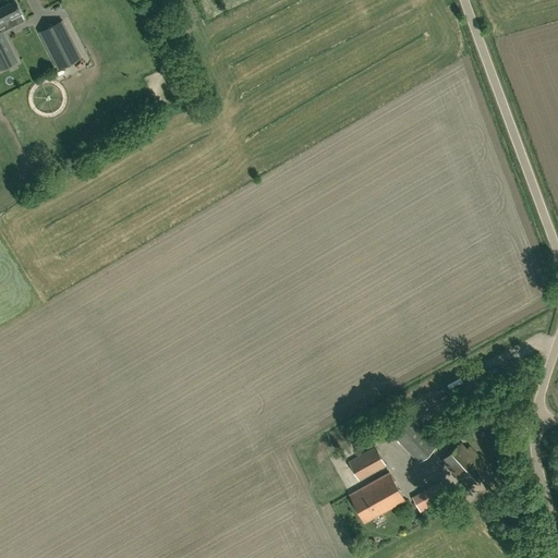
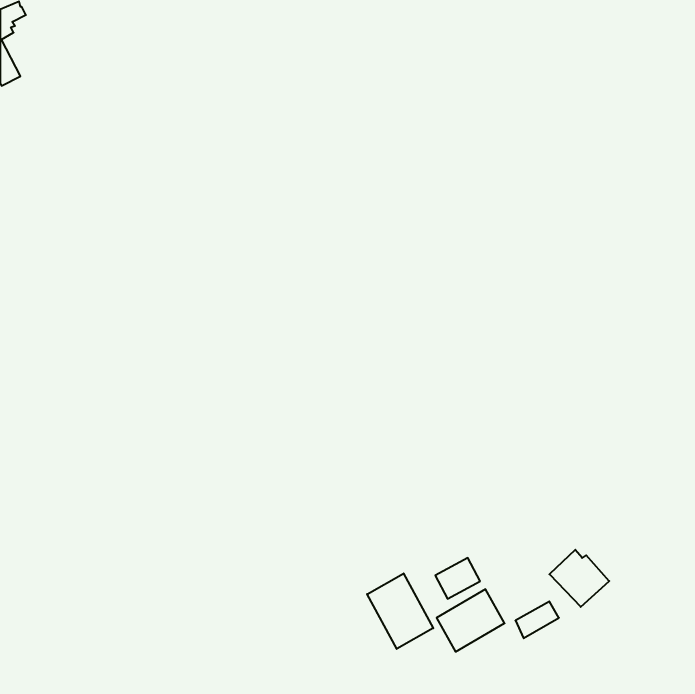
building: [40,22,80,70] -> none
building: [393,420,436,463] -> none
building: none -> [367,573,433,649]

